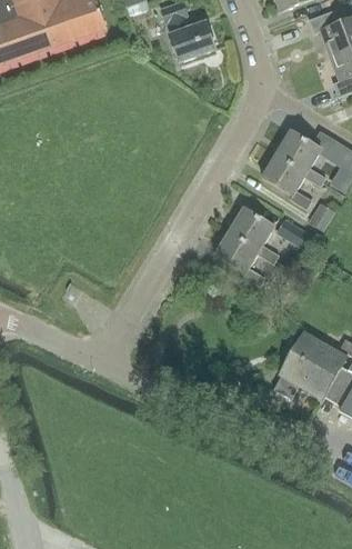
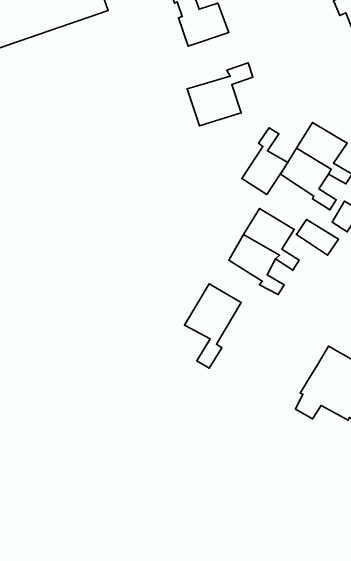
building: none -> [187,63,253,126]
building: none -> [242,128,288,195]
building: none -> [184,284,241,368]

